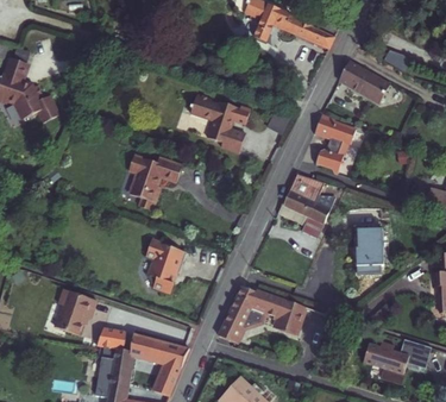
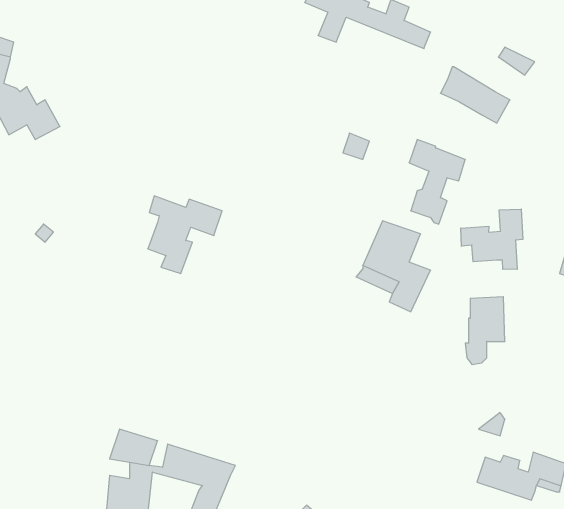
building: [190,93,250,152] -> none
building: none -> [461,209,523,269]
building: [143,241,183,296] -> none
building: [219,288,307,341] -> none
building: [58,289,99,334] -> none

